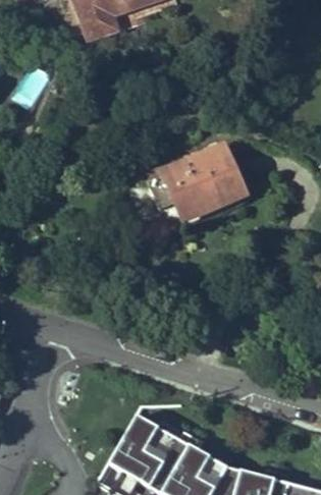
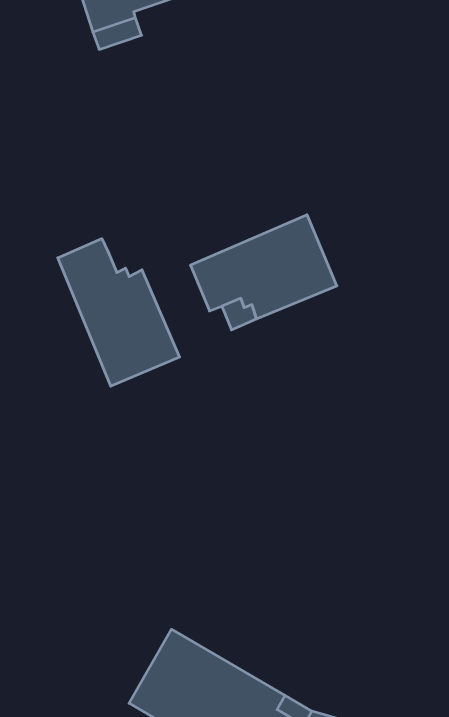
building: none -> [58,239,180,386]

